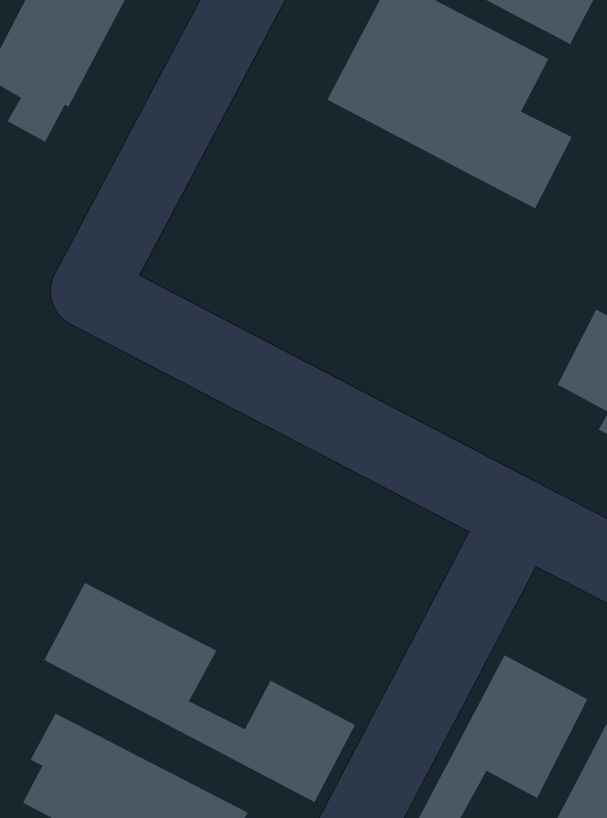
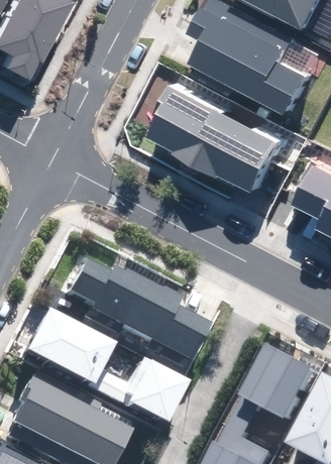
building: none -> [144,87,277,194]
building: none -> [72,259,211,359]

